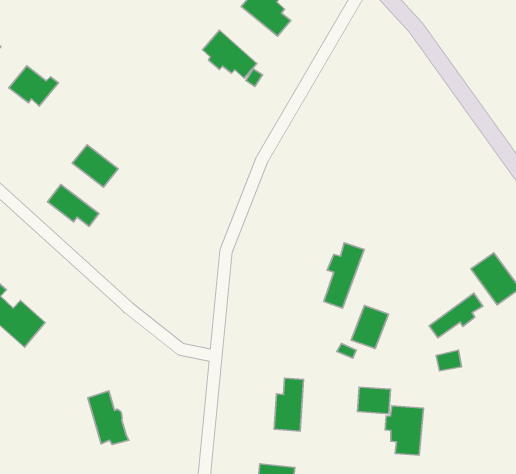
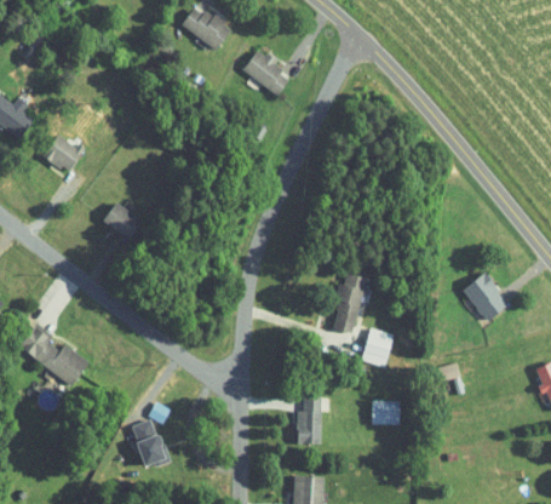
building: [203,30,257,78] -> none
building: [48,184,99,226] -> none
building: [429,293,483,338] -> none
building: [385,406,424,455] -> none

